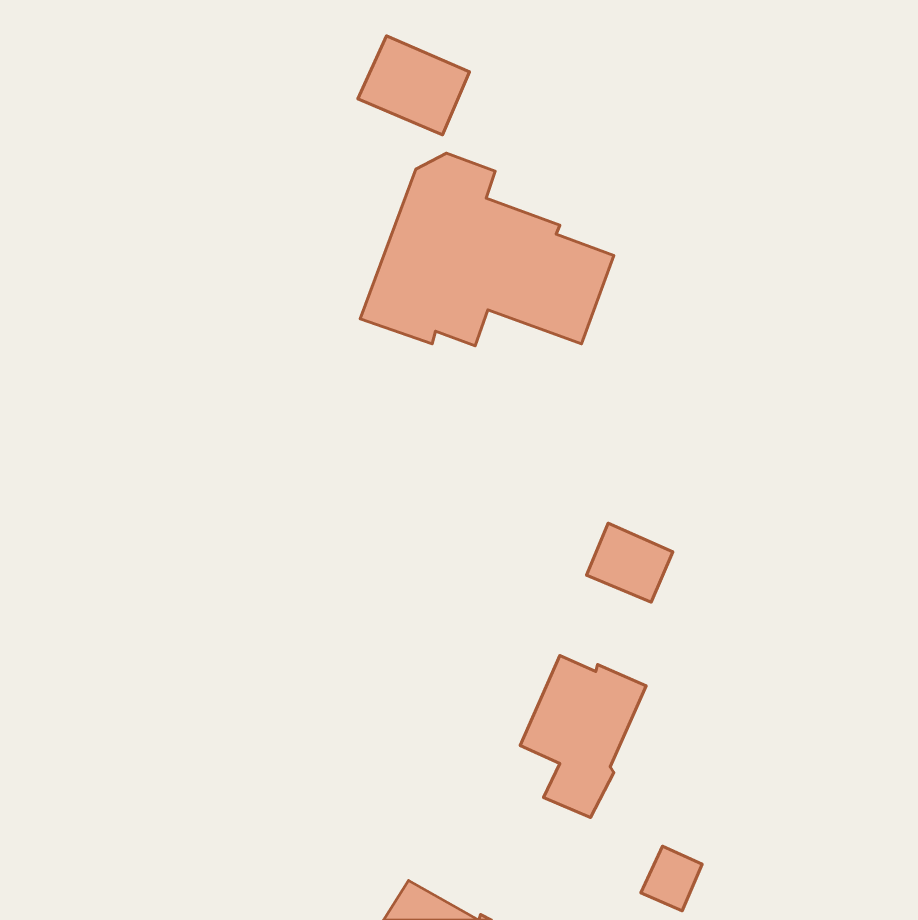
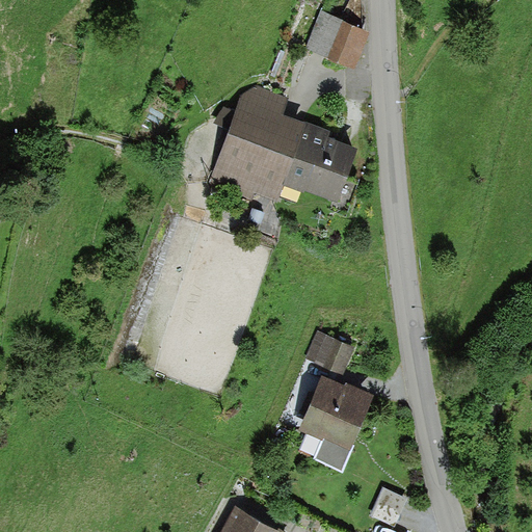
building: [358,36,469,135] -> [304,11,369,69]
building: [586,523,673,602] -> [303,329,353,375]

